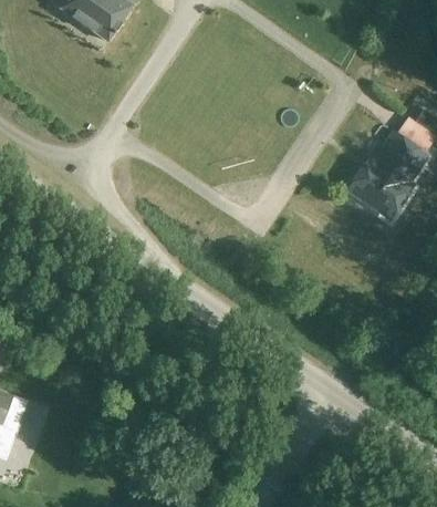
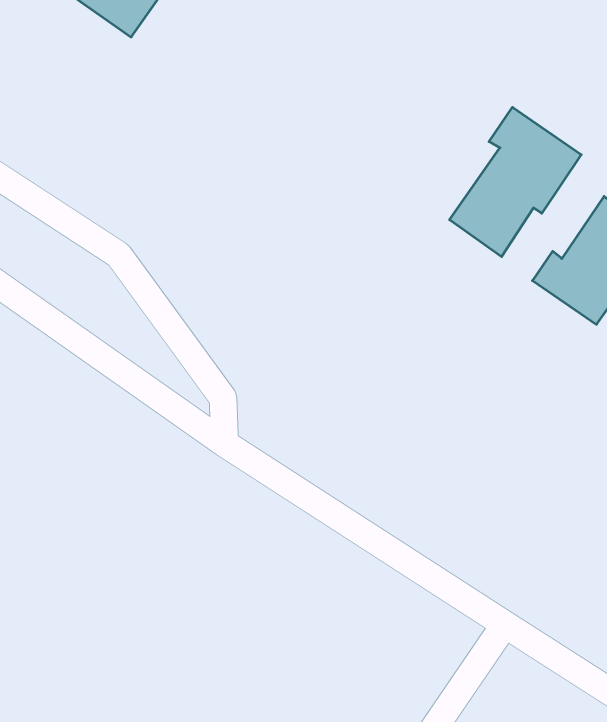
building: none -> [450,107,581,257]

